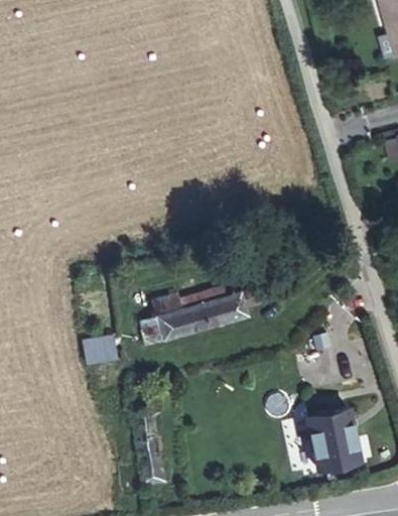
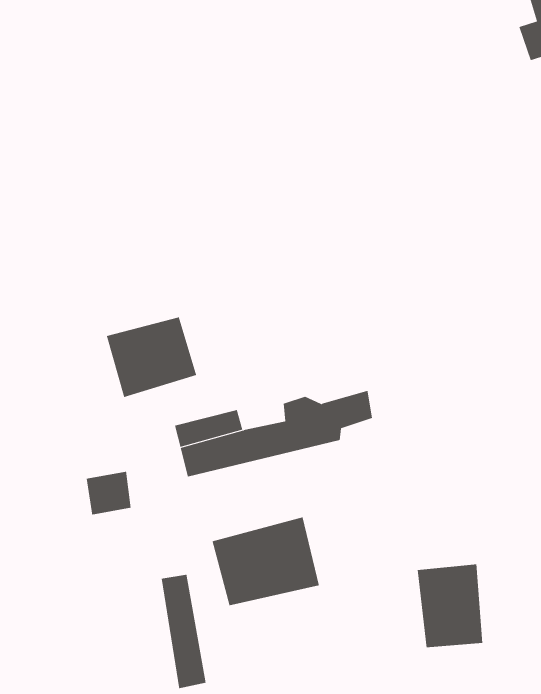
building: none -> [106,316,197,398]
building: none -> [212,517,320,606]

